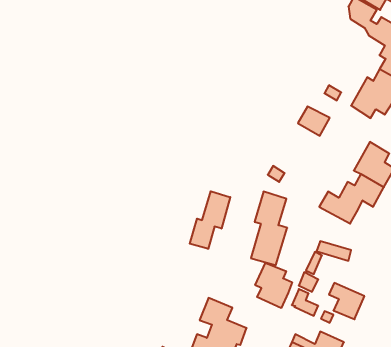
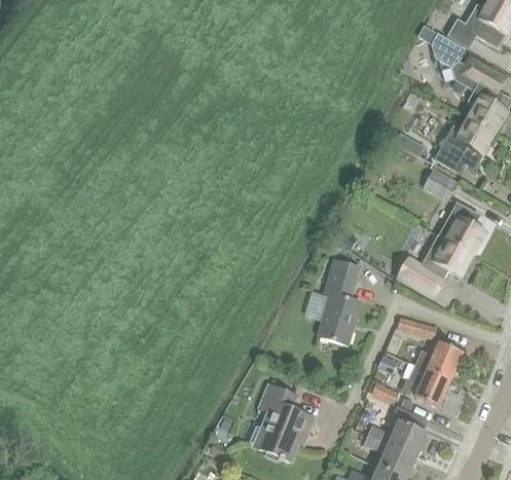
building: [298,106,330,136] -> [421,168,458,201]
building: [190,191,230,249] -> none
building: [255,263,292,308] -> none
building: none -> [415,342,463,380]

